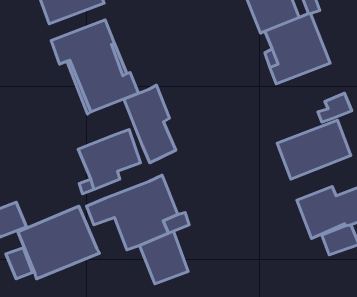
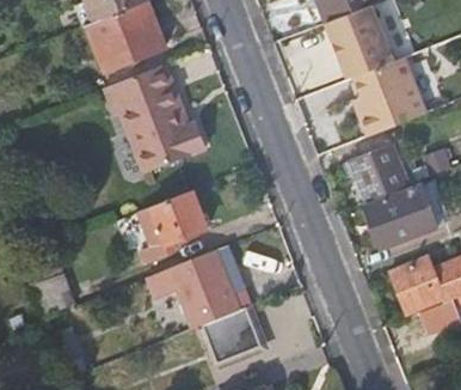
building: [124,85,176,163] -> none
building: none -> [351,145,408,202]
building: [18,206,99,279] -> none

